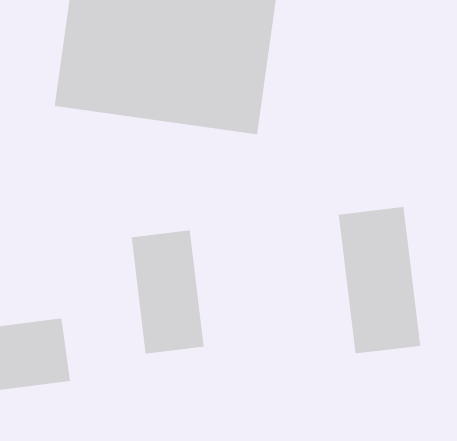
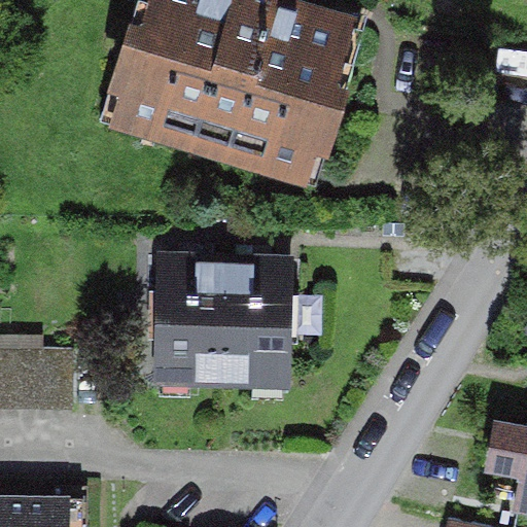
building: [338,206,421,354] -> none
building: none -> [219,266,284,387]

